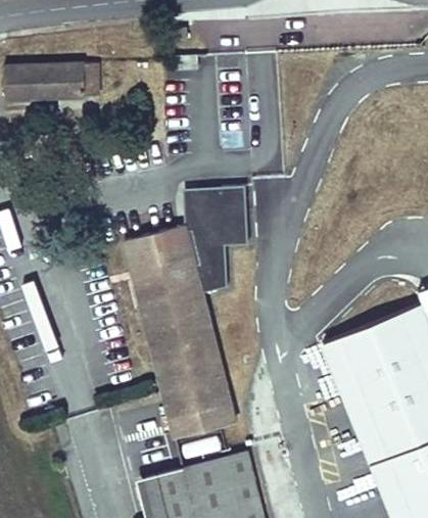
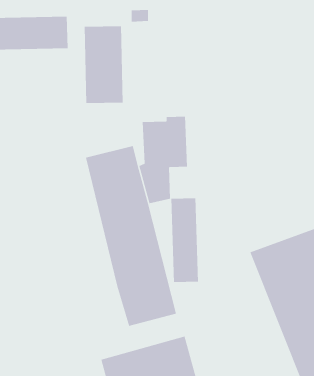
building: none -> [84,26,123,104]
building: none -> [171,198,198,283]

